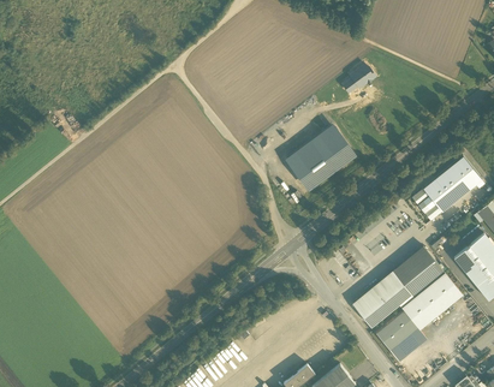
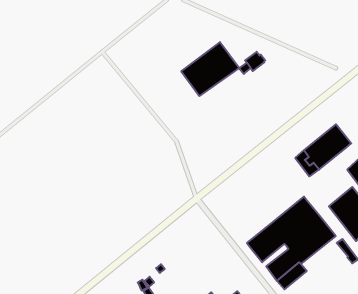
building: [285,124,357,191] -> [181,42,239,96]

